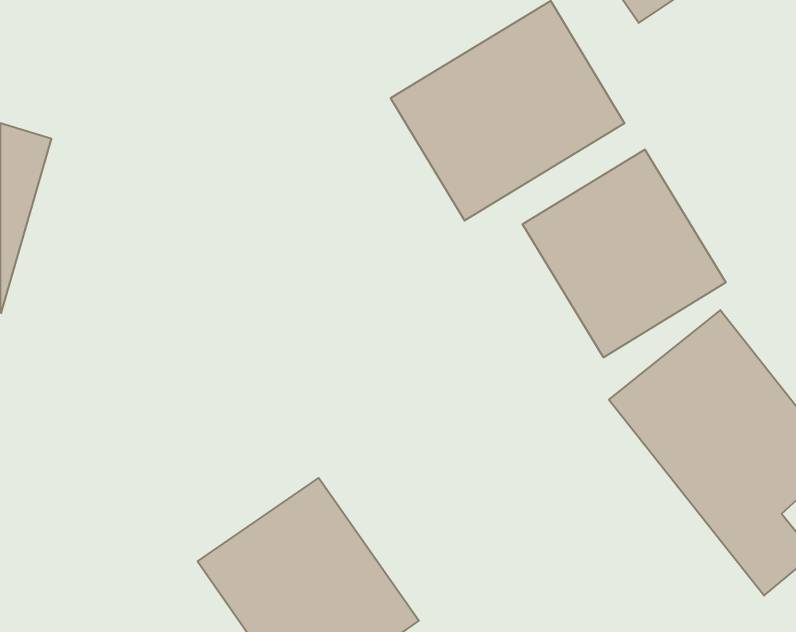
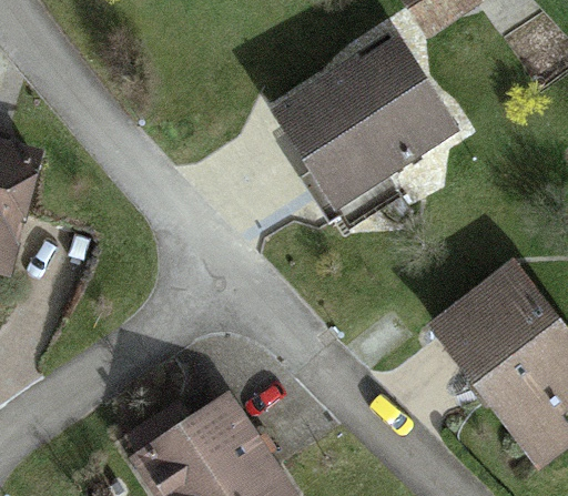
building: [522,149,726,357] -> none

